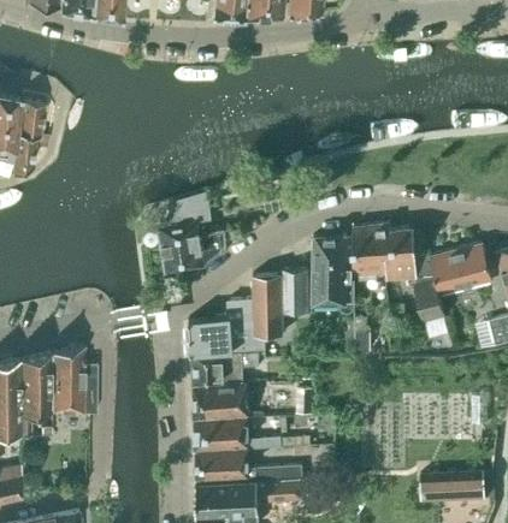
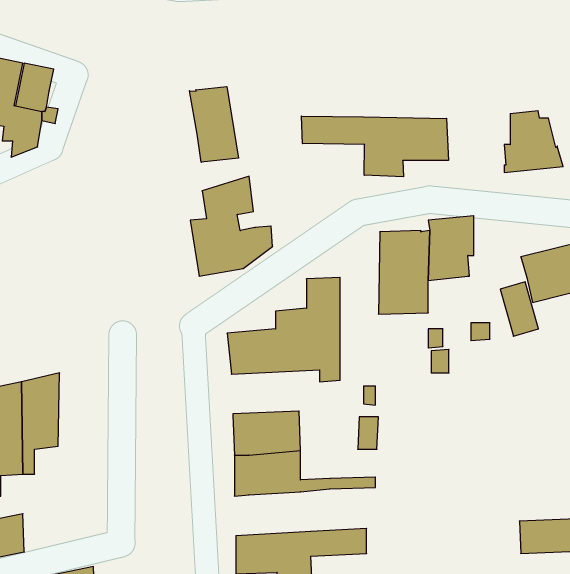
building: none -> [189,87,239,162]
building: none -> [301,116,448,177]
building: [385,228,433,279] -> [504,111,563,172]
building: [283,269,307,313] -> none
building: [49,345,96,414] -> none
building: [191,353,259,386] -> none
building: [194,450,302,482] -> none

